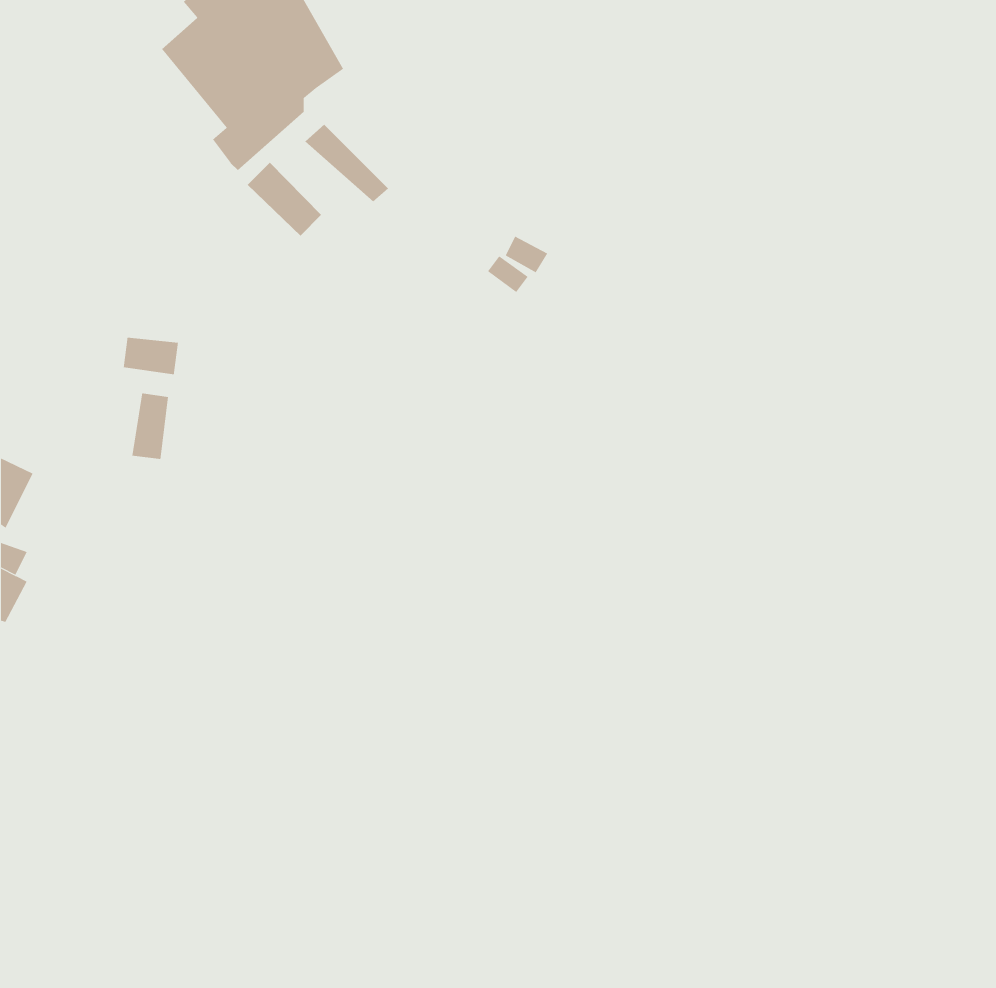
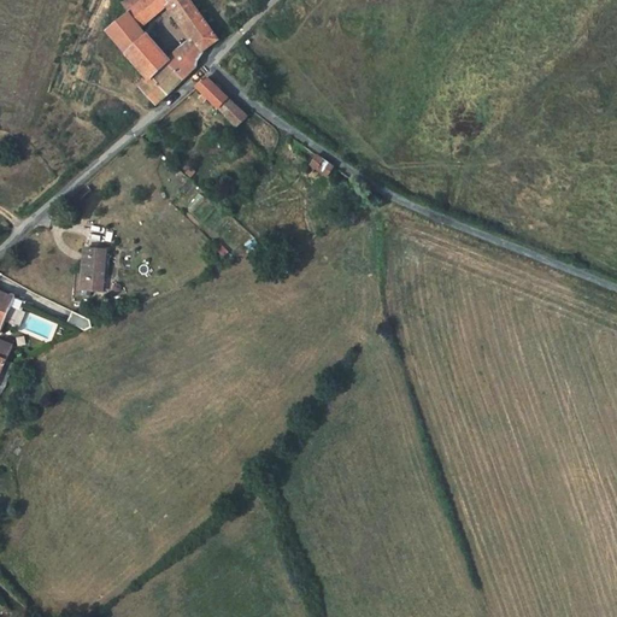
building: [247,162,322,236] -> none
building: [123,337,179,375] -> none

